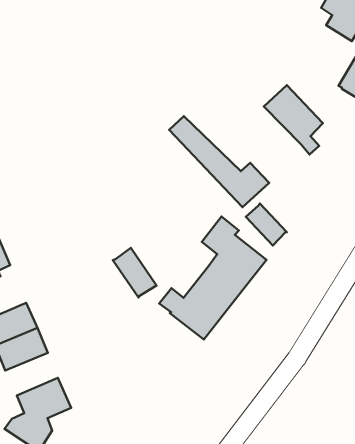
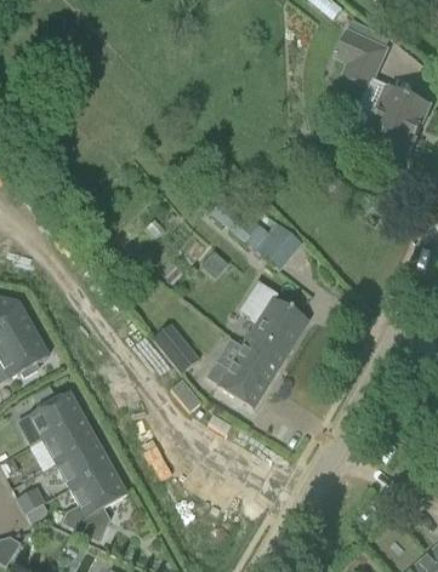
building: [264,85,323,154] -> none
building: [246,204,287,245] -> none
building: none -> [55,439,109,486]

